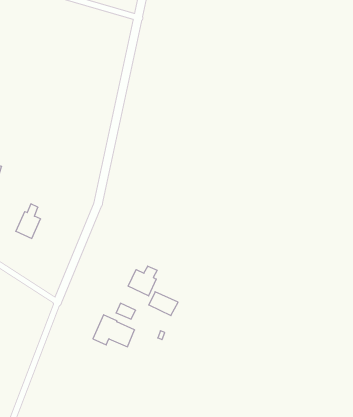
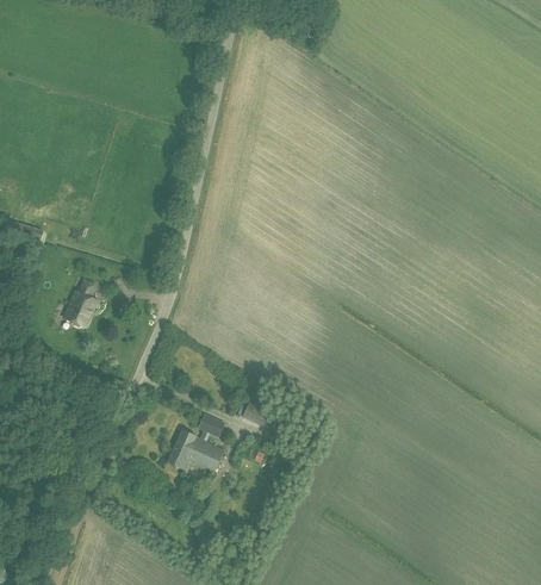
building: [128,266,157,296] -> none

